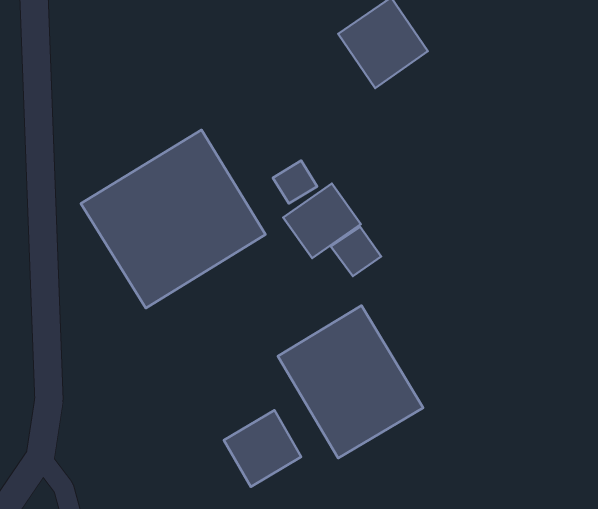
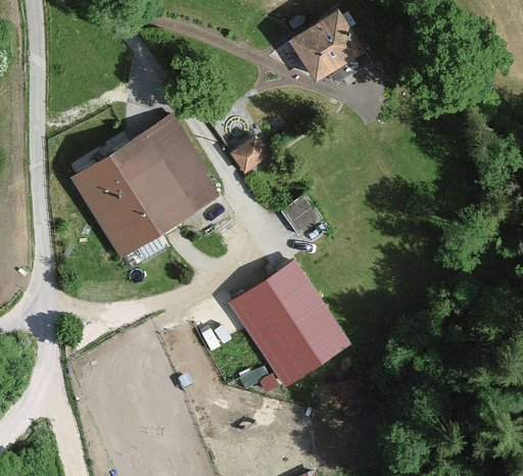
building: [283,184,361,258] -> none
building: [224,410,301,487] -> none

